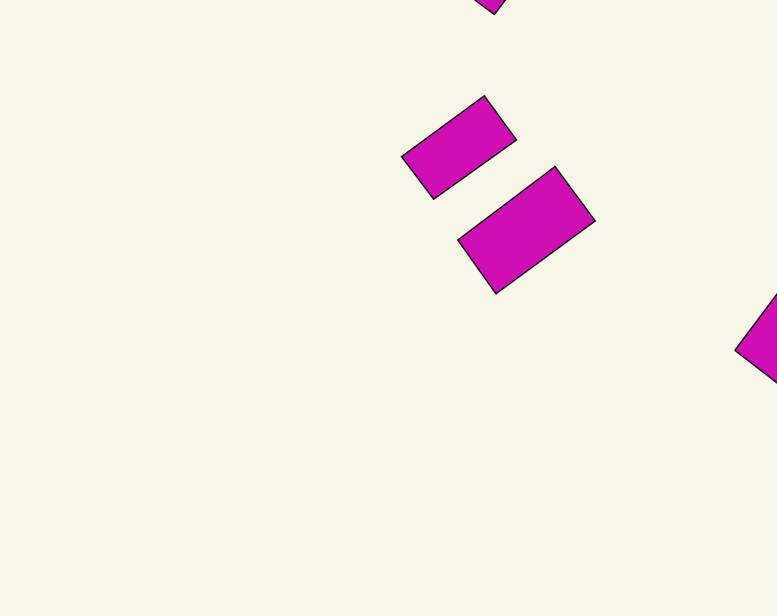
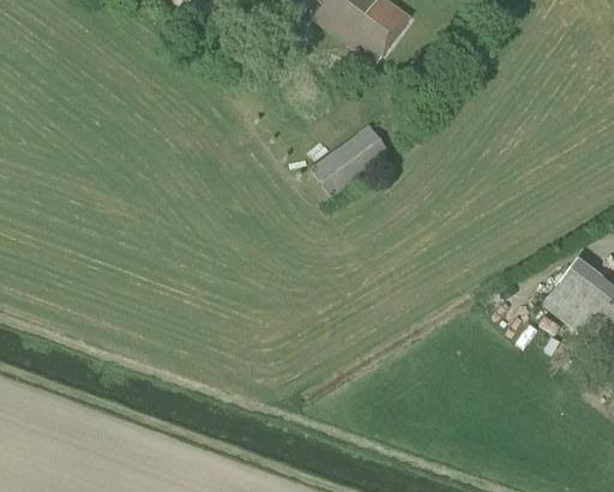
building: [458,166,595,294] -> none

